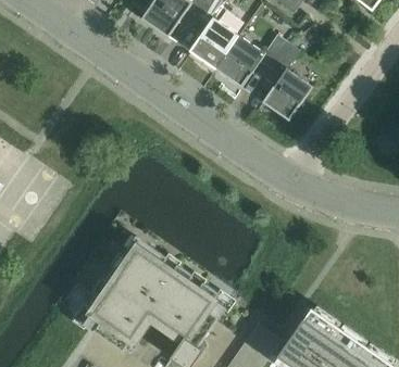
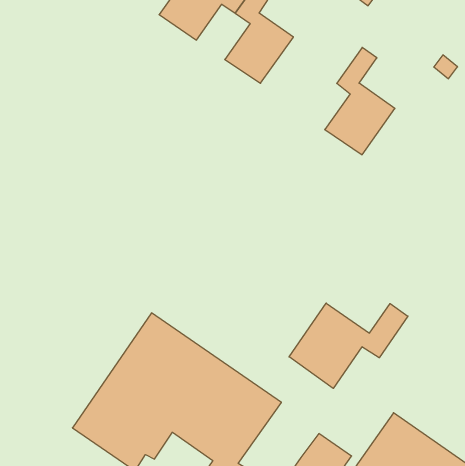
building: [215,35,289,88] -> none
building: none -> [289,303,408,388]

